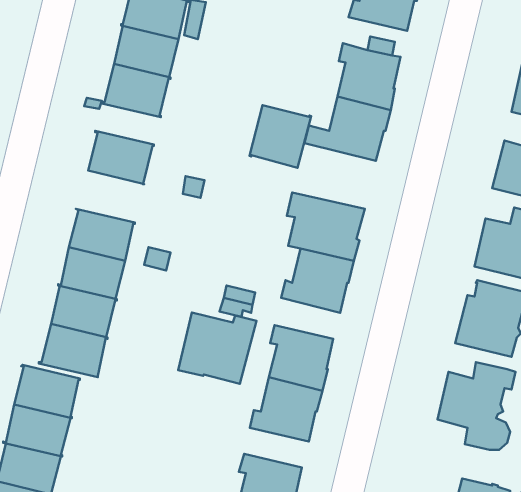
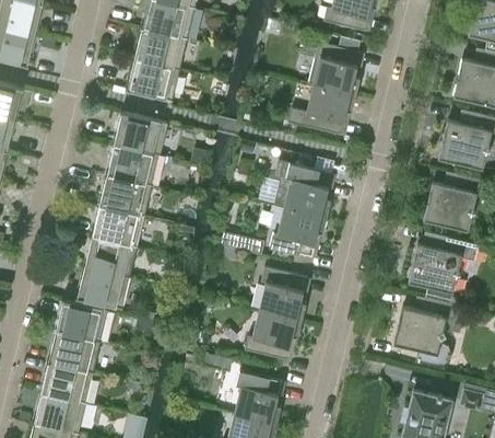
building: [249,105,311,168] -> none
building: none -> [104,143,158,185]
building: [178,312,256,384] -> none

